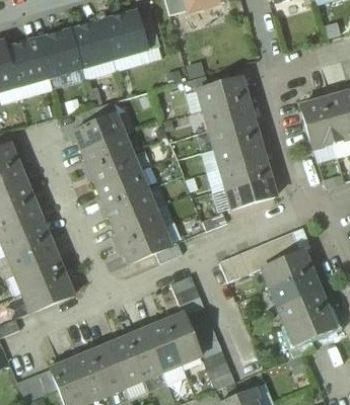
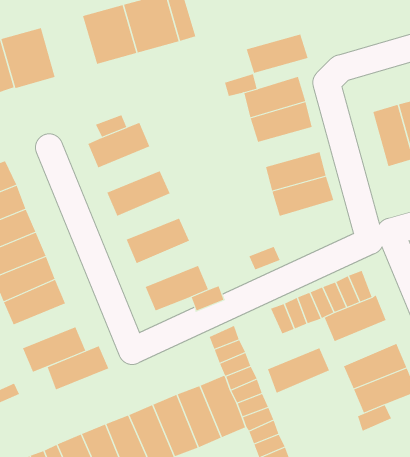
building: [38,28,81,77] -> none
building: [209,116,259,148] -> [246,34,309,73]
building: [82,132,132,168] -> none
building: [97,169,147,206] -> none
building: [226,174,276,208] -> none
building: [113,207,162,243] -> none
building: [15,256,65,292] -> [47,345,109,390]
building: [270,269,320,306] -> [267,347,330,393]

